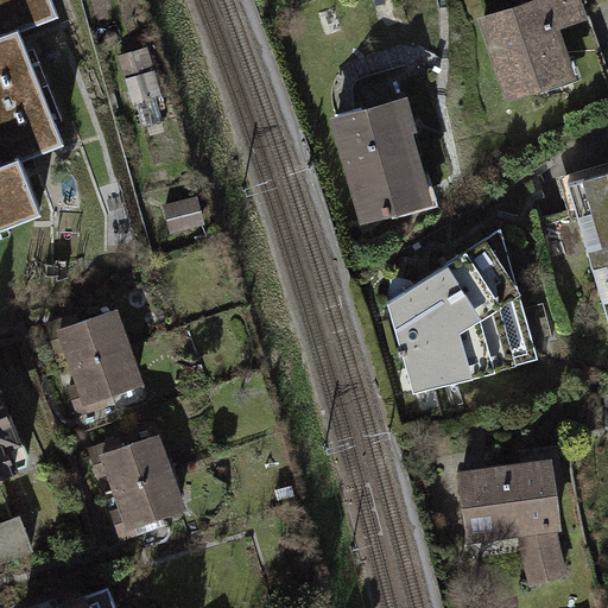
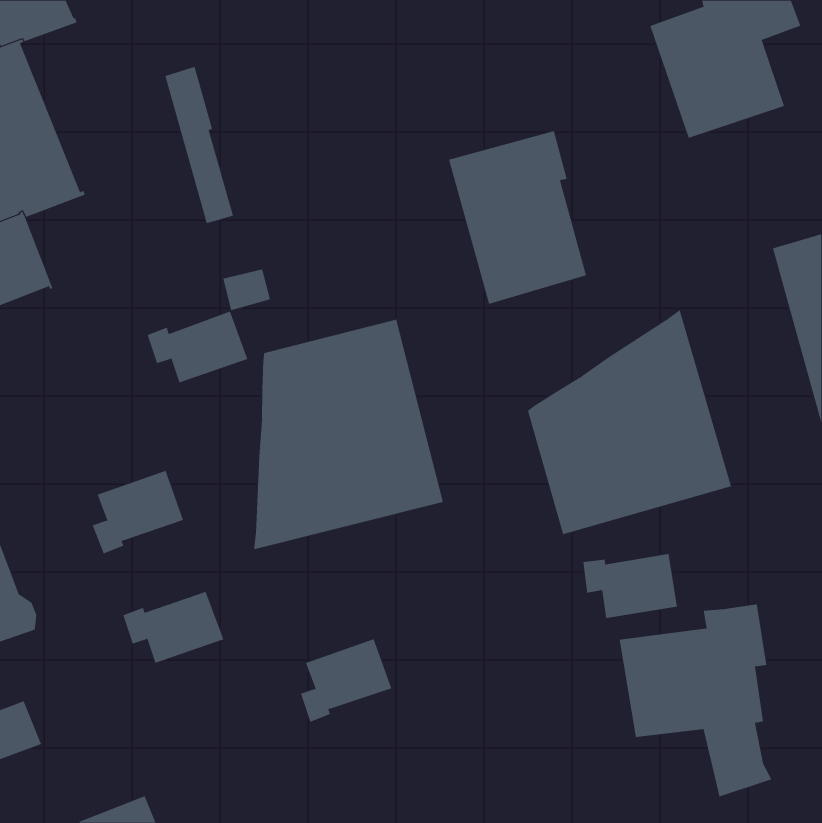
building: none -> [254,319,443,550]
building: [48,311,122,365] -> [147,311,248,383]
building: none -> [583,553,677,619]
building: [110,471,178,533] -> [300,639,392,722]

